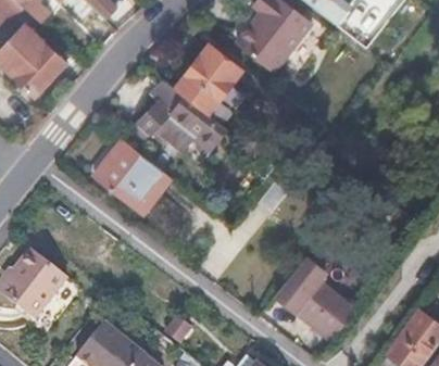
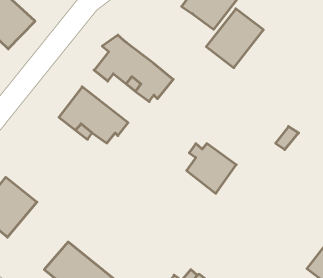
building: [173,43,240,113] -> [206,9,263,68]
building: [294,282,353,341] -> [187,144,236,193]

